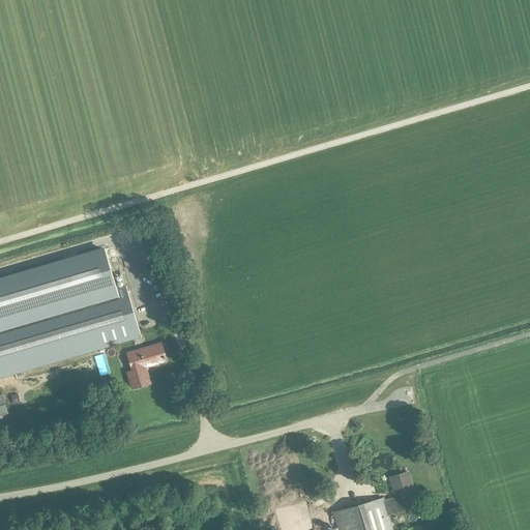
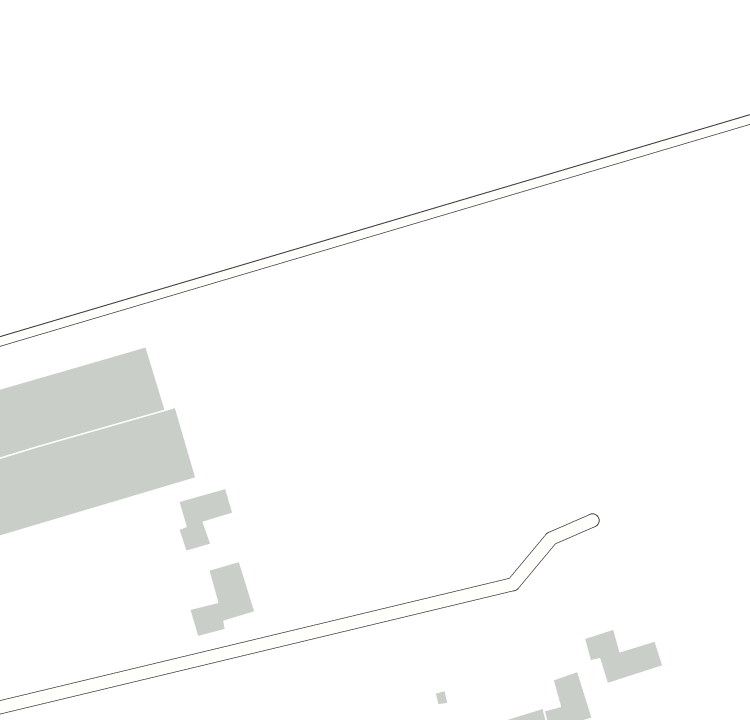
building: none -> [190,561,255,637]
building: none -> [584,629,663,684]

